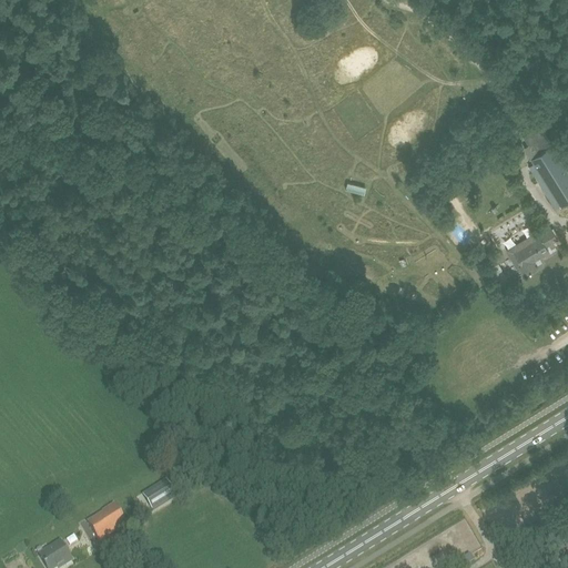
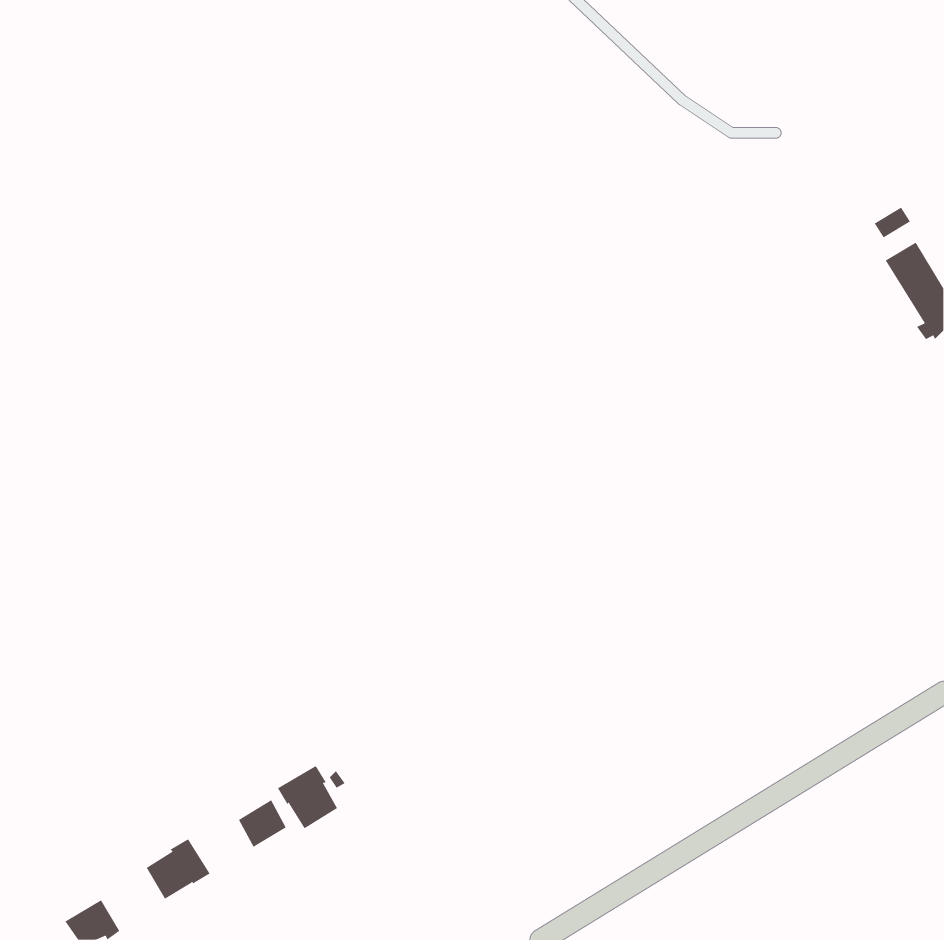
building: [515,225,557,272] -> none
building: none -> [277,765,338,829]

